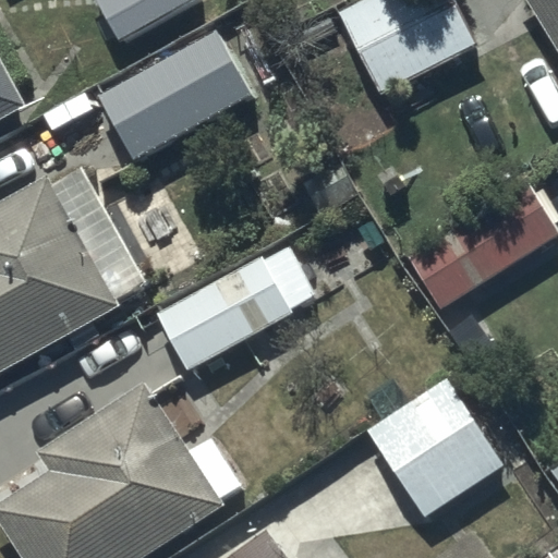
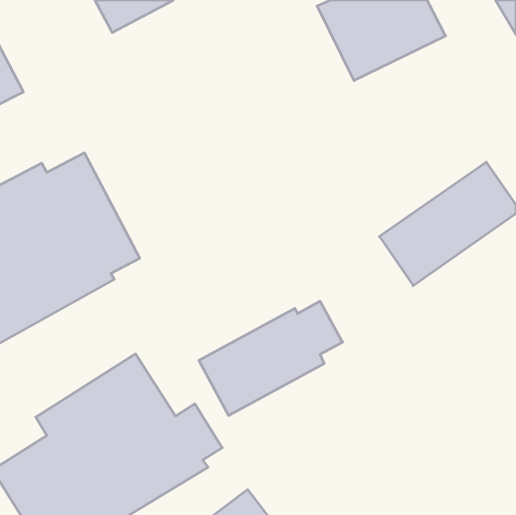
building: [97,33,247,156] -> none
building: [158,251,312,373] -> [199,301,343,415]
building: [363,379,504,519] -> none

